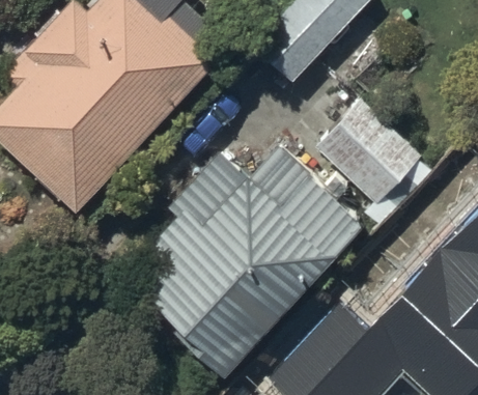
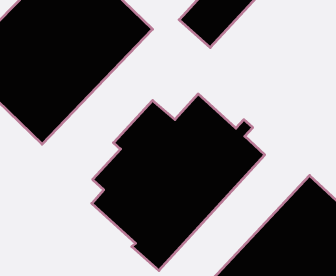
building: [316,100,434,208] -> none

